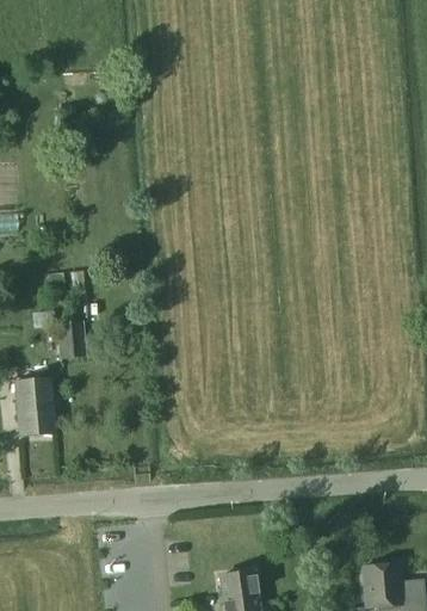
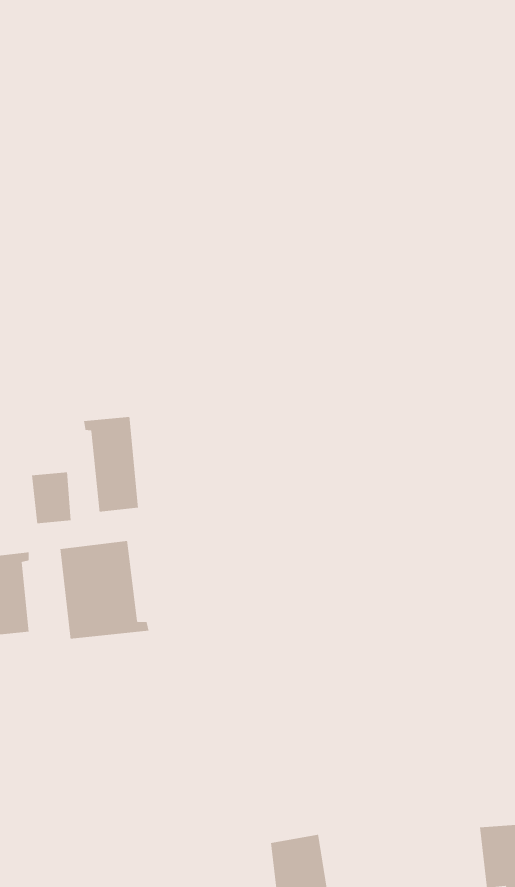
building: none -> [84,416,138,513]
building: none -> [60,540,149,640]

